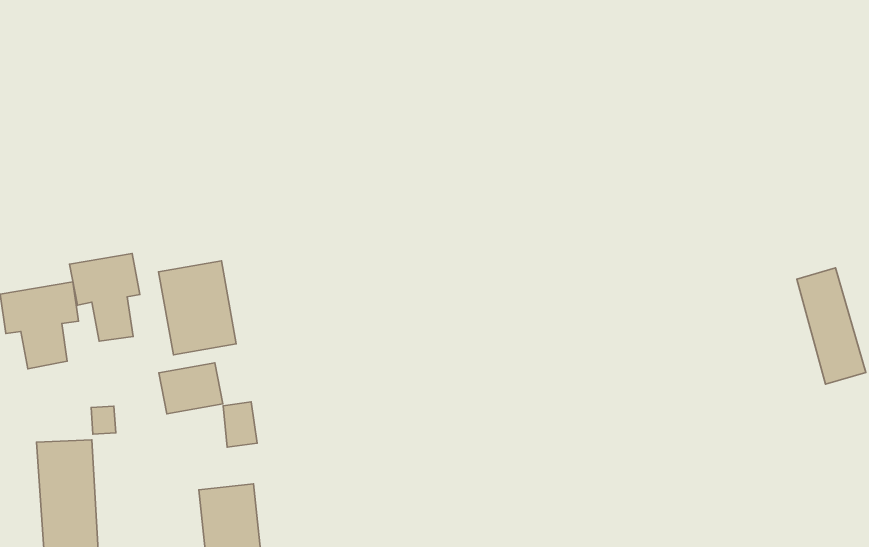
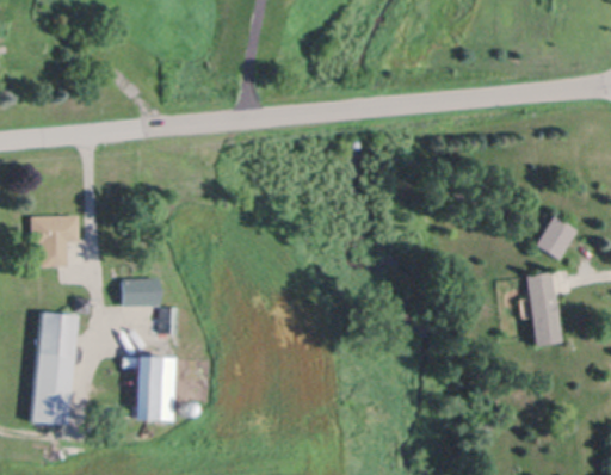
building: none -> [536,216,575,258]
building: [70,253,140,341] -> none
building: [159,261,236,355] -> none

